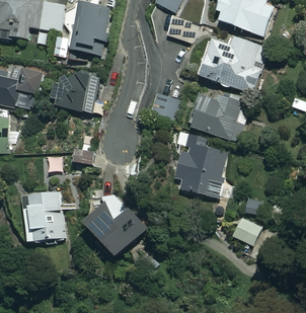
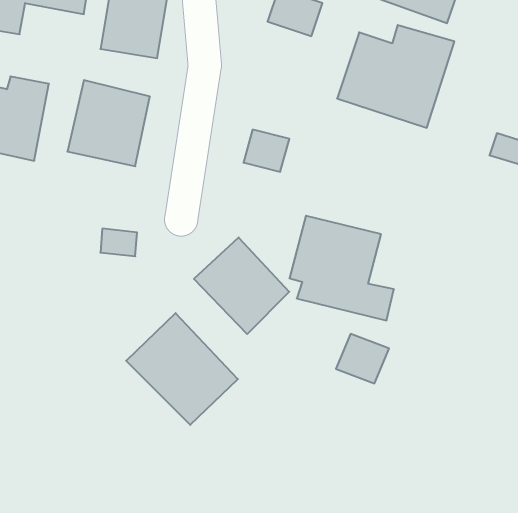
building: [190,93,241,141] -> none
building: none -> [194,237,289,334]
building: [21,190,66,242] -> none
building: [233,216,262,243] -> [336,334,389,383]

